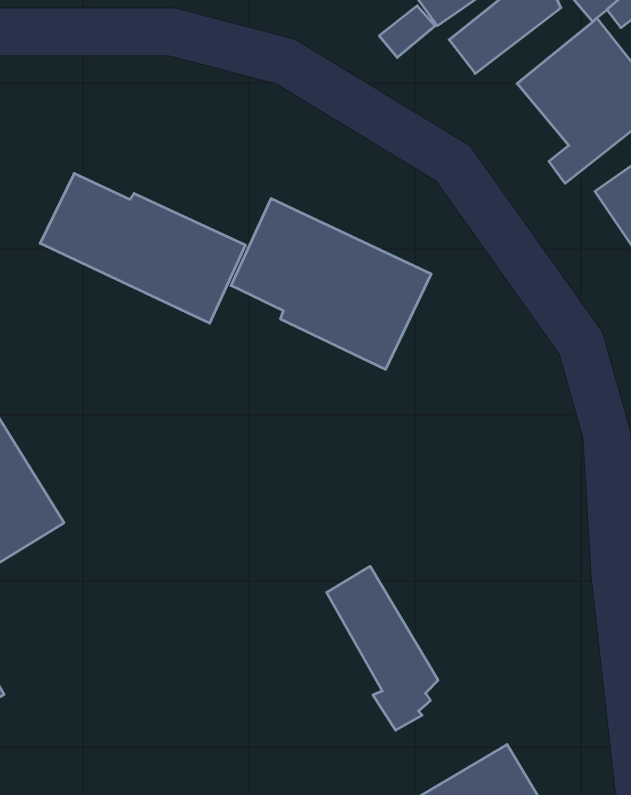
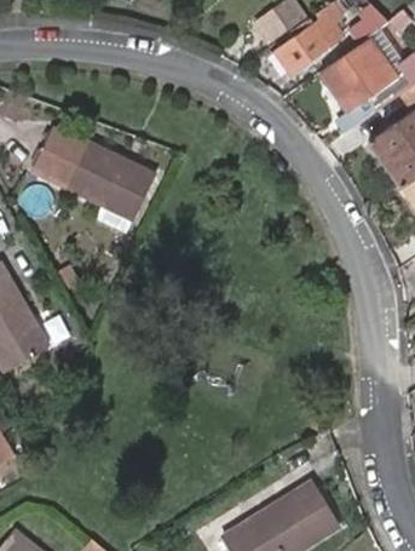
building: [231,199,431,369] -> none
building: [327,566,438,730] -> none

